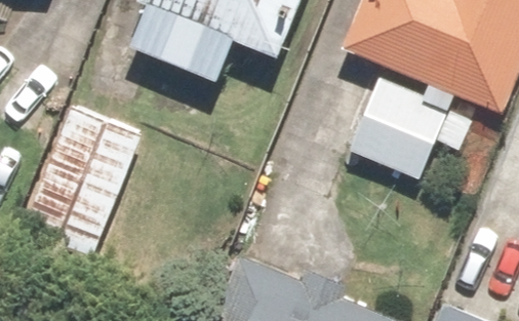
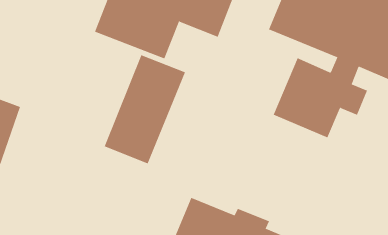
building: [34,106,138,245] -> [104,55,186,164]

